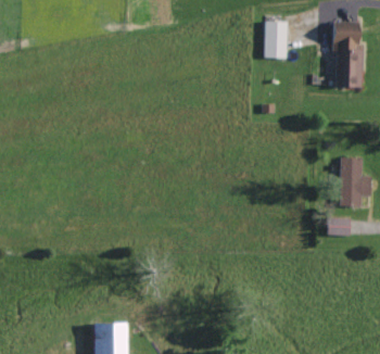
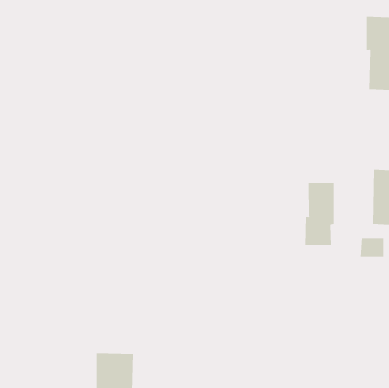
building: [265,22,288,58] -> none
building: none -> [305,182,334,246]

